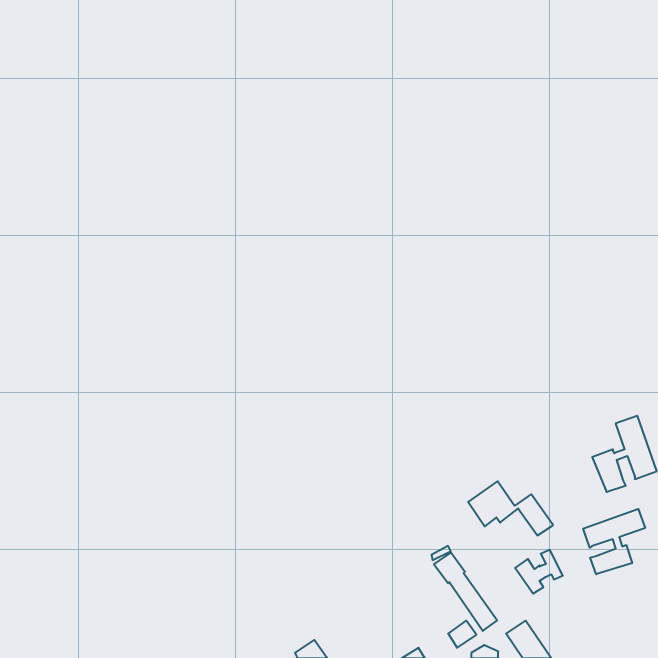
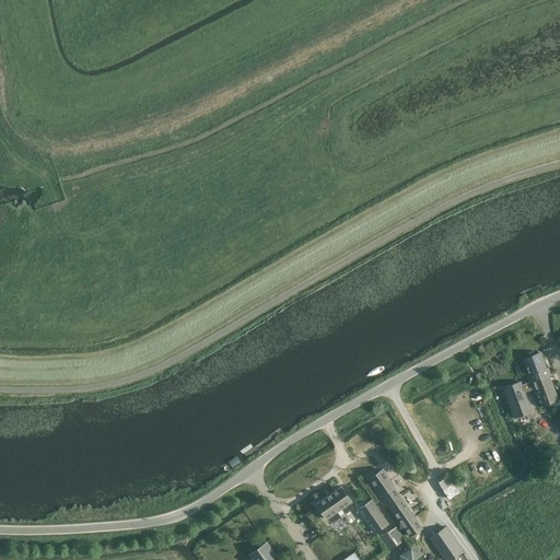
building: [468,481,553,535] -> [316,487,388,533]
building: [583,509,645,574] -> none

